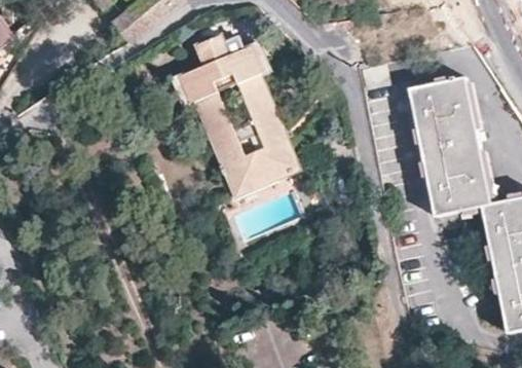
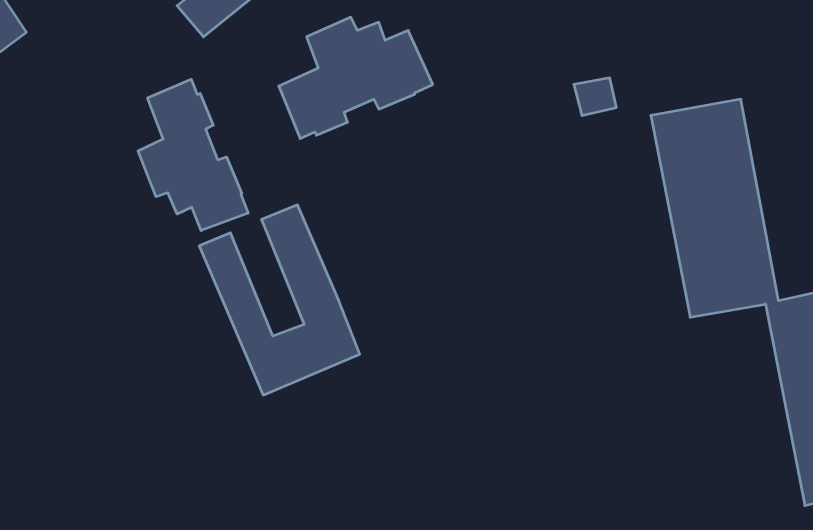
building: none -> [138,79,248,231]
building: [199,78,300,197] -> [199,205,360,395]

